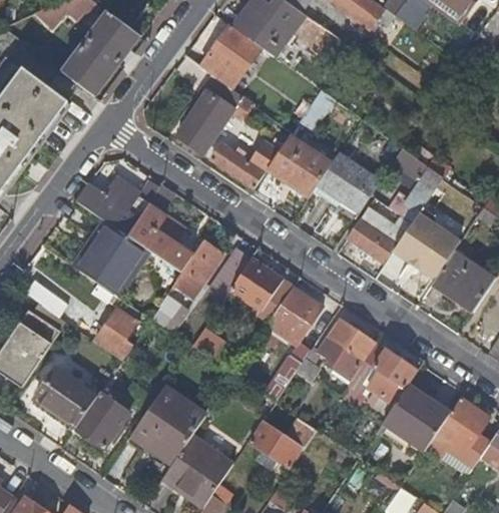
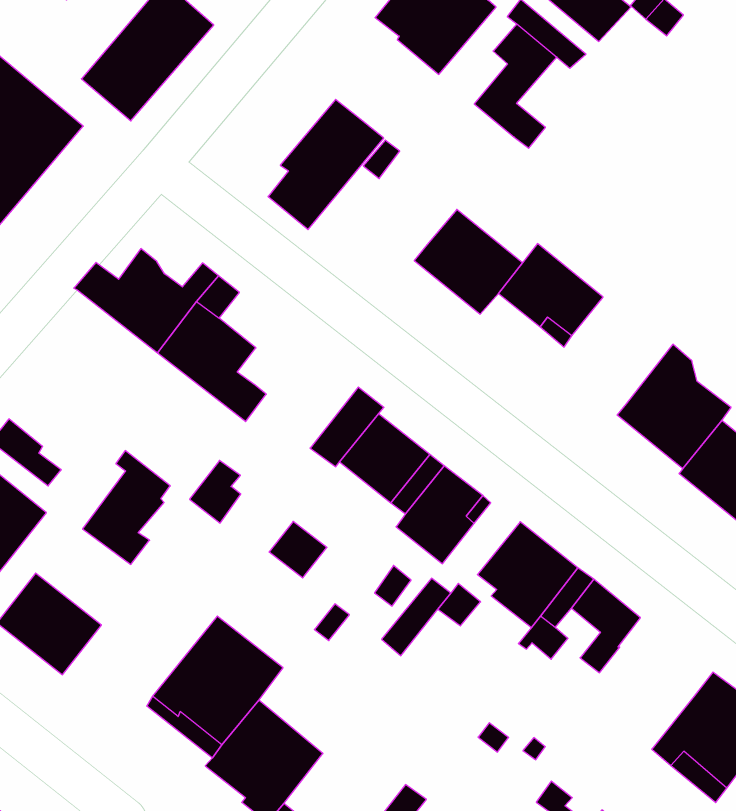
building: [201,26,259,86] -> none
building: [212,142,275,187] -> none
building: [348,148,444,262] -> none
building: [65,221,140,294] -> none
building: [168,237,216,291] -> none
building: [384,385,451,451] -> none
building: [75,392,129,448] -> none
building: [250,417,318,467] -> none

